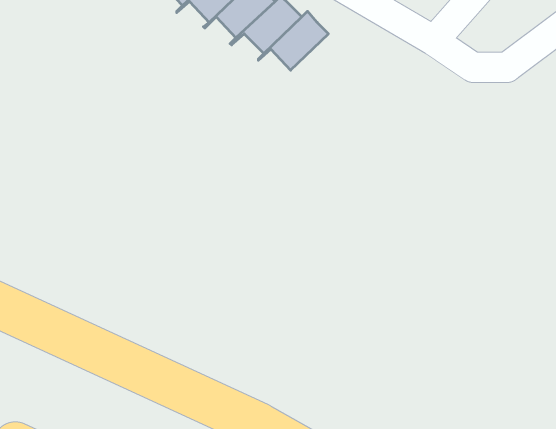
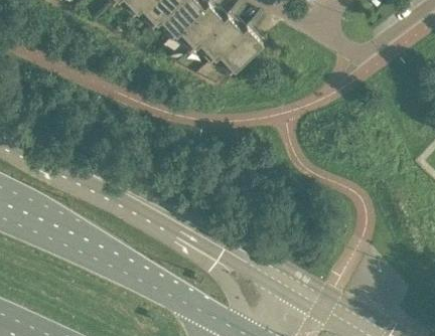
building: none -> [210,28,267,76]

